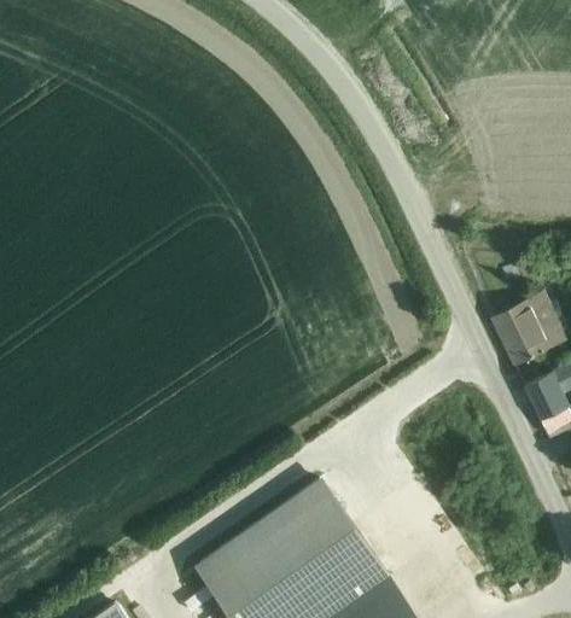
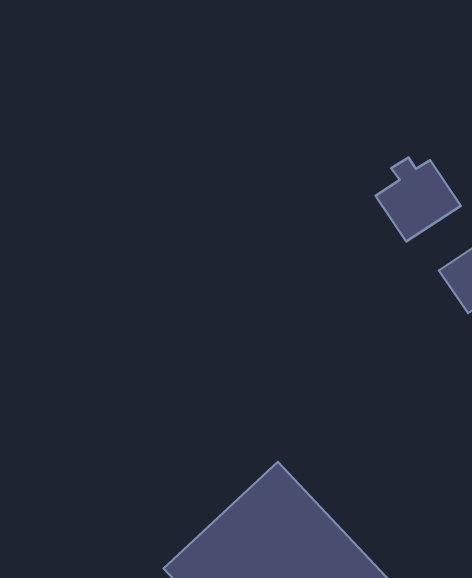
building: none -> [376,157,461,242]

